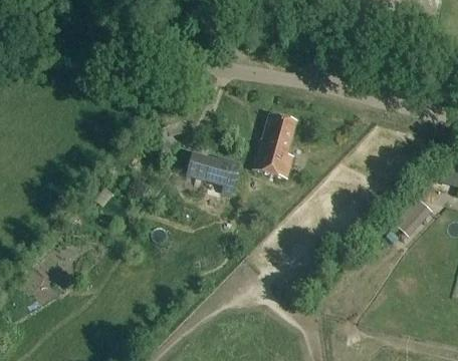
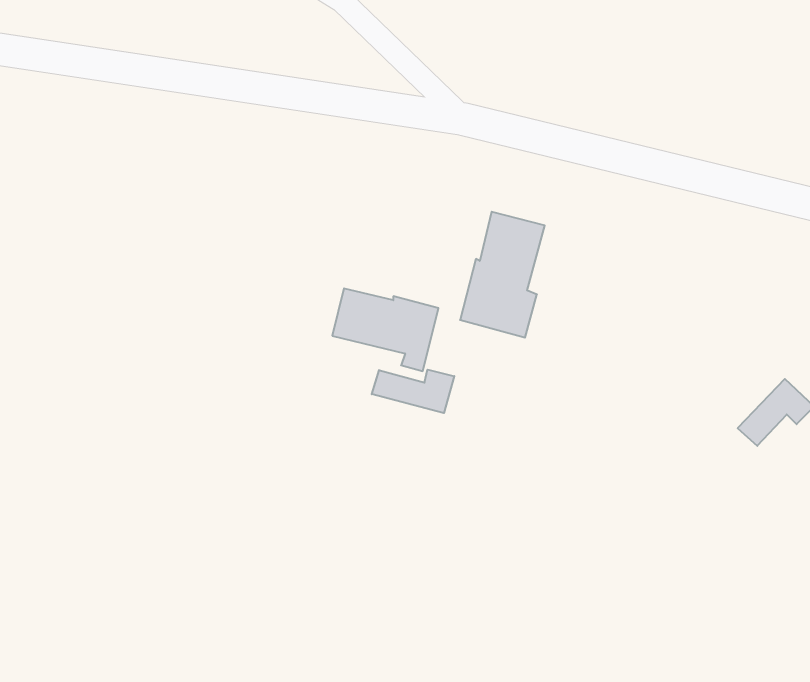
building: none -> [372,370,454,413]

